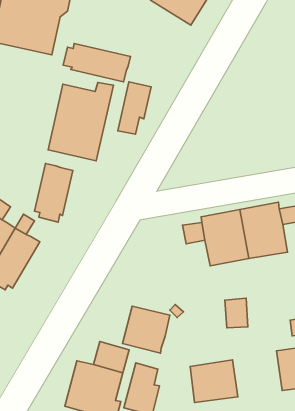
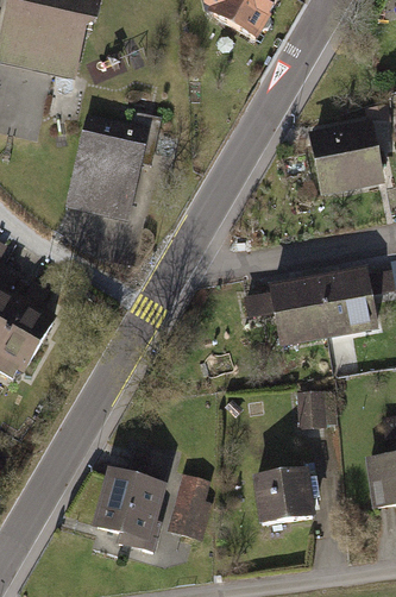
building: [63,44,130,82] -> none
building: [118,82,151,134] -> none
building: none -> [308,119,382,194]
building: [35,163,73,222] -> none
building: [123,306,170,353] -> none

